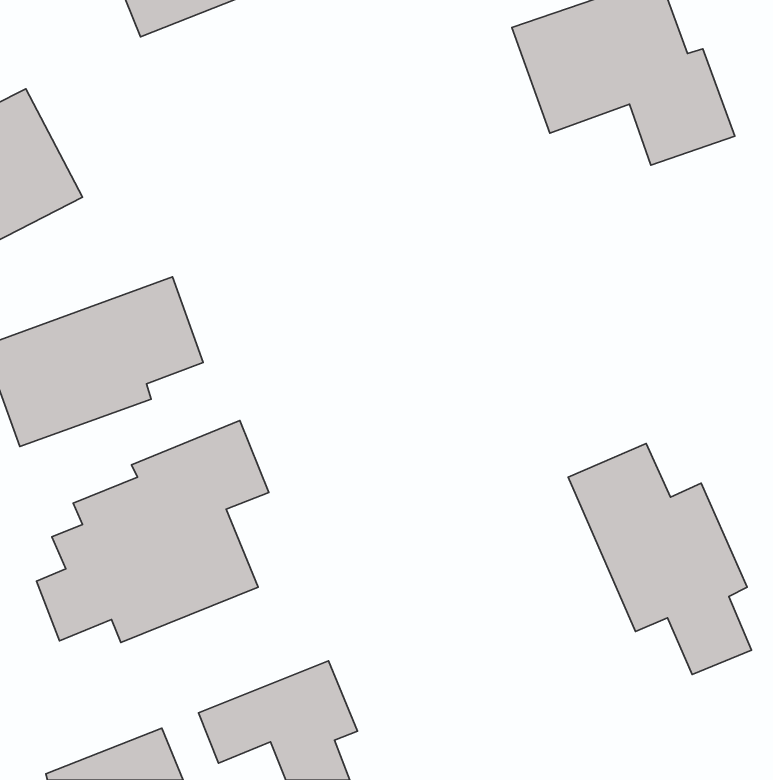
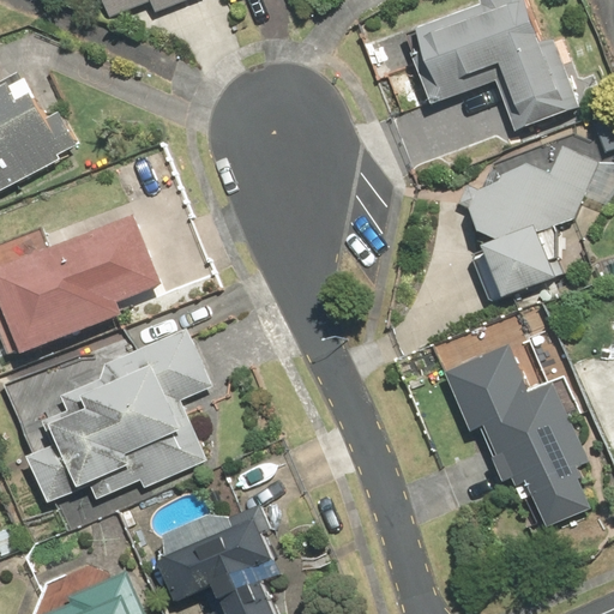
building: none -> [460,148,597,299]

